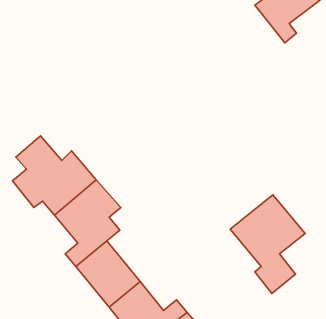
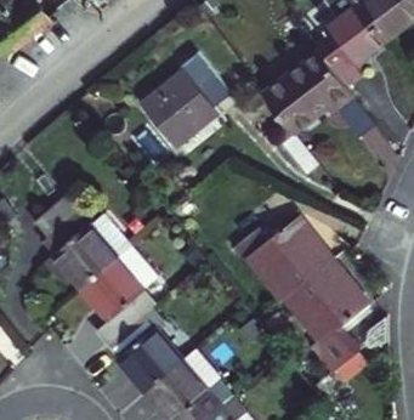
building: none -> [262,52,356,135]
building: none -> [142,56,228,148]
building: none -> [236,220,335,302]

